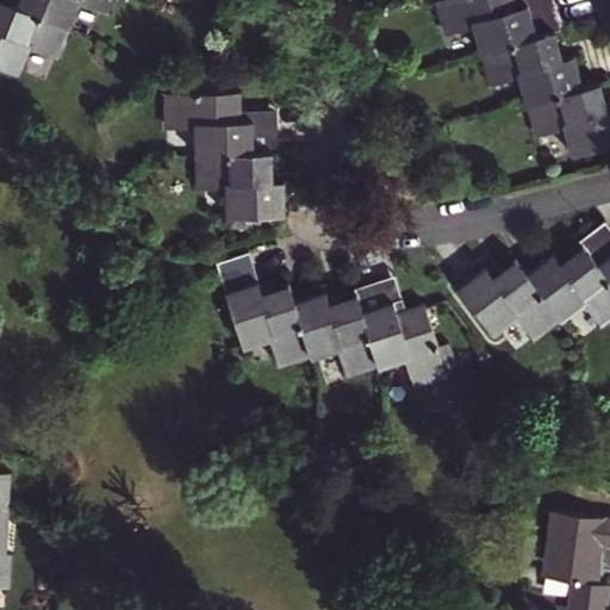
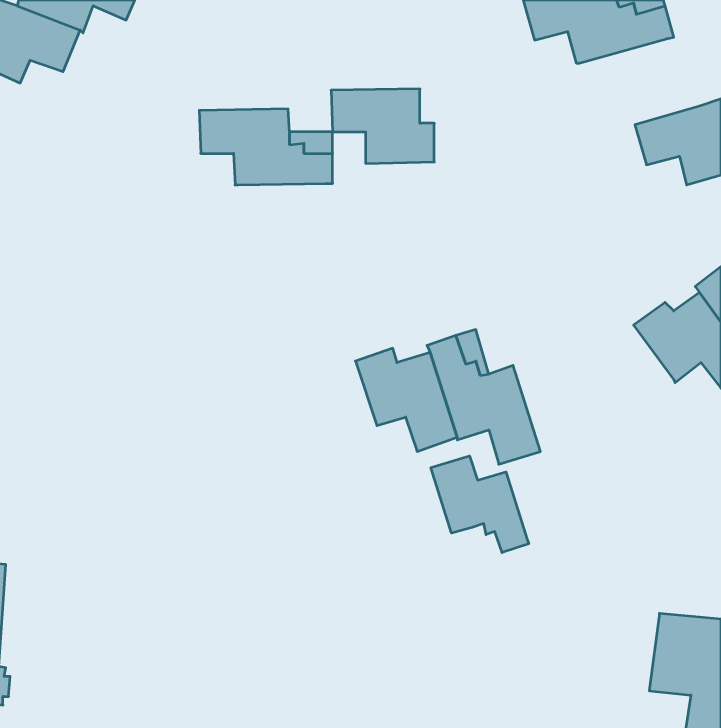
building: [481,36,581,107] -> none
building: [198,156,284,218] -> [331,89,434,163]
building: [222,254,313,368] -> none
building: [459,260,560,341] -> none
building: none -> [431,456,529,553]

